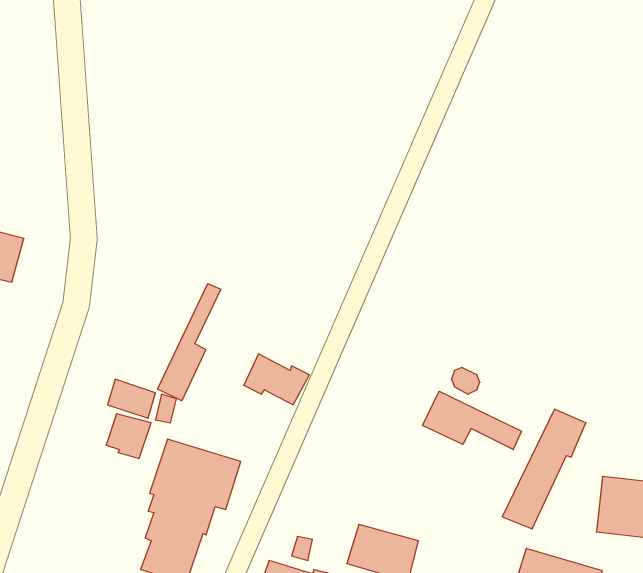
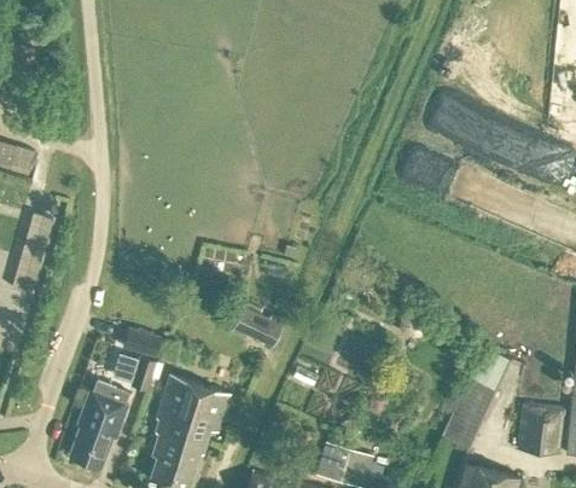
building: [158,284,221,401] -> none
building: [423,391,522,450] -> none
building: none -> [70,380,130,469]

